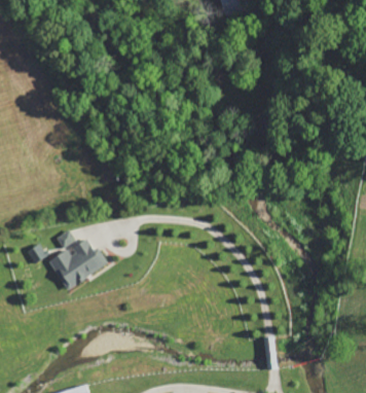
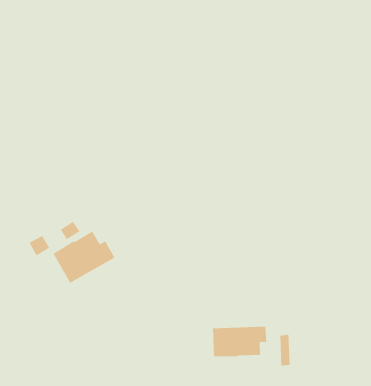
building: none -> [212,326,267,357]

